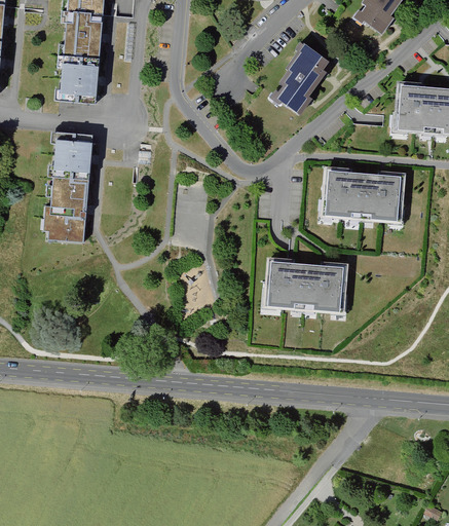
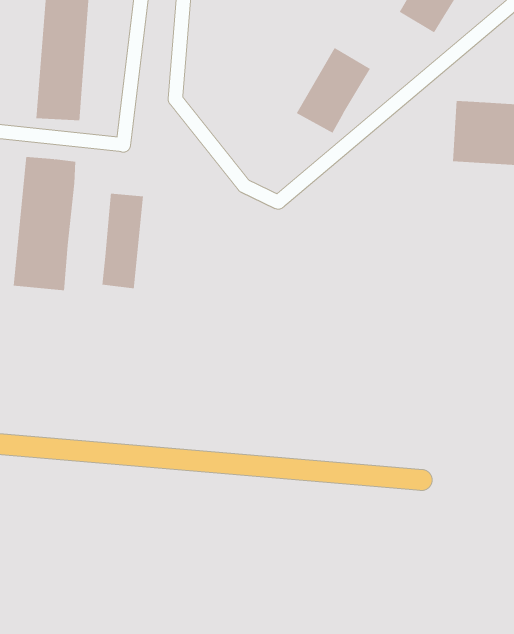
building: [322,161,403,214] -> none
building: none -> [102,193,143,289]
building: [266,256,343,308] -> none

